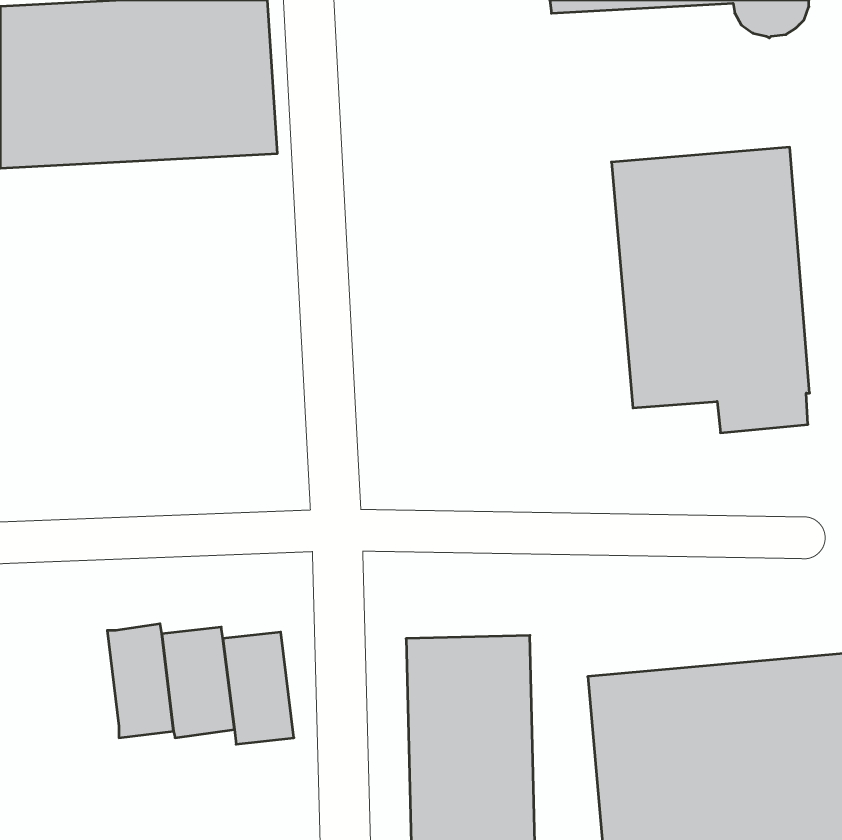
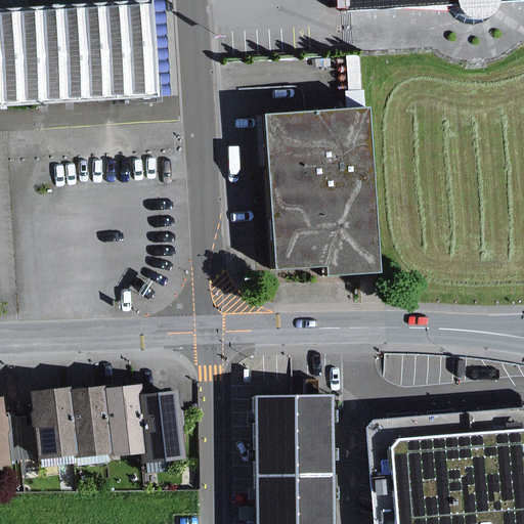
building: [611,147,810,433] -> [259,103,382,280]
building: none -> [28,384,75,457]

